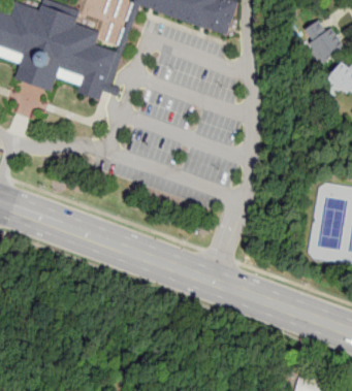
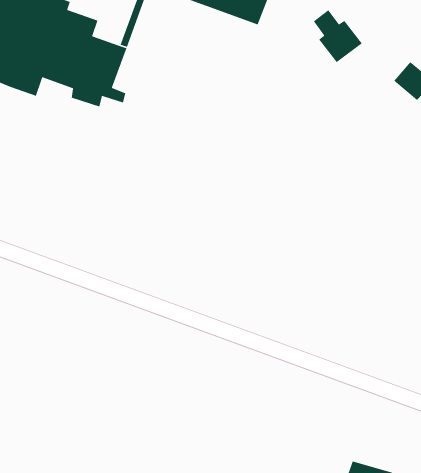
building: [305,20,344,62] -> [313,9,363,63]

